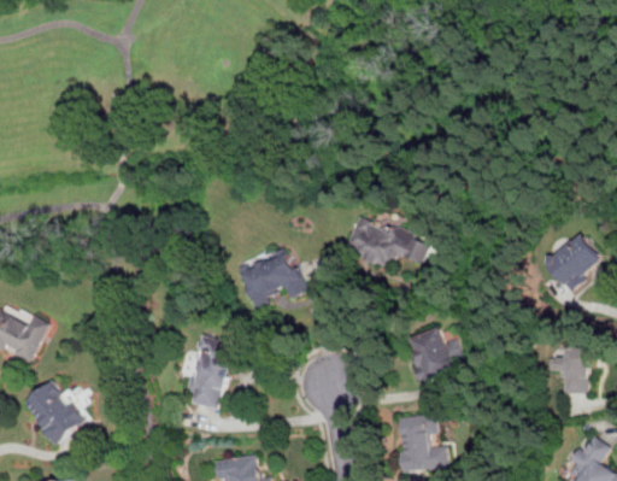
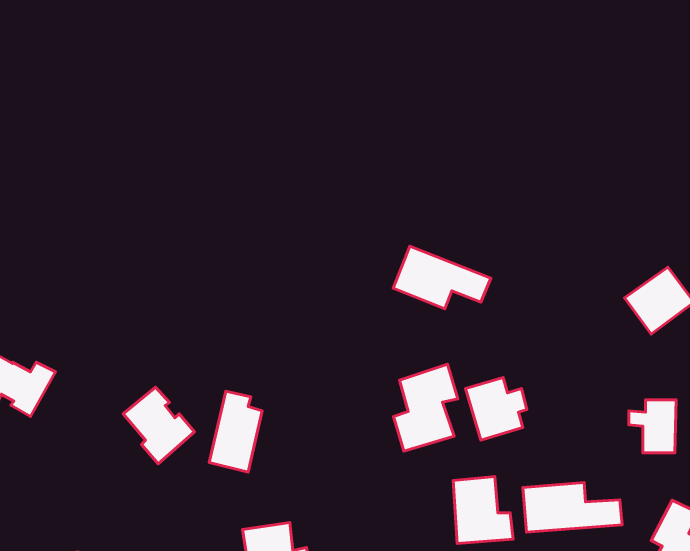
building: [237,247,307,305] -> none
building: none -> [394,364,458,451]
building: [25,379,87,445] -> [123,387,194,464]
building: none -> [523,483,622,532]

